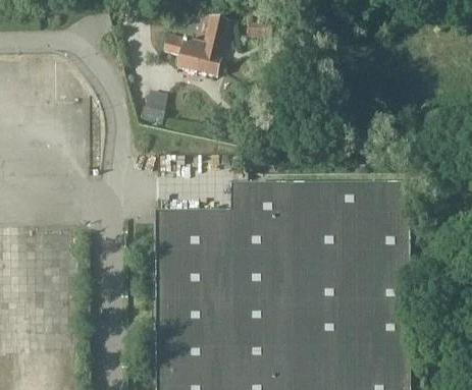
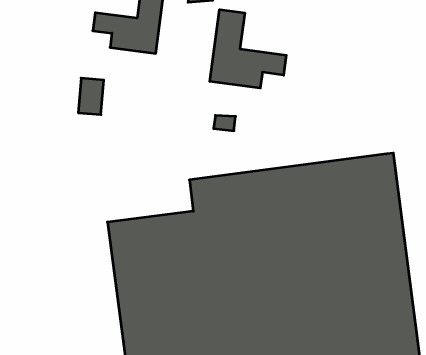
building: none -> [210,10,286,88]

